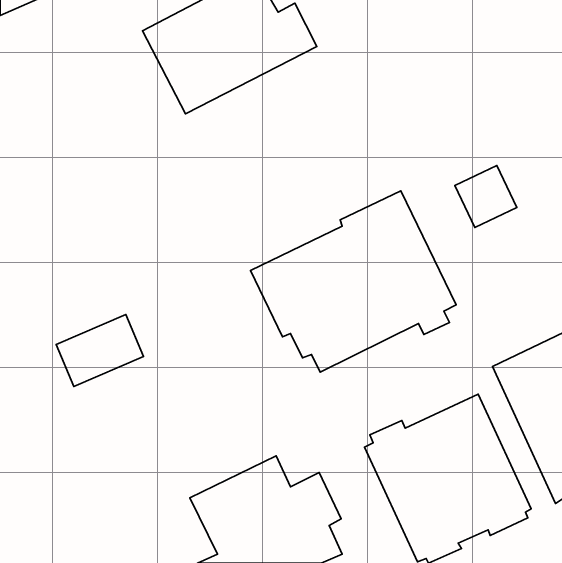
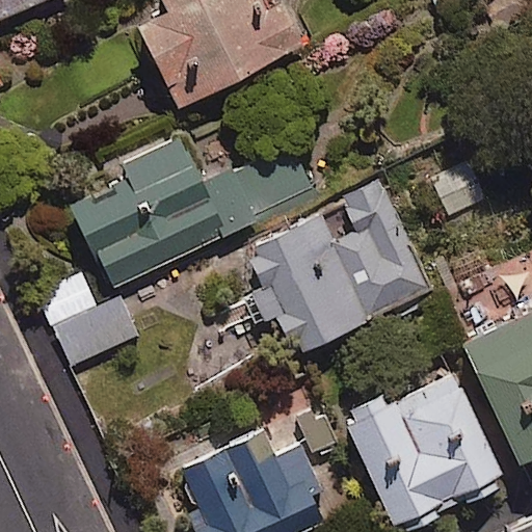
building: none -> [69,137,318,288]

